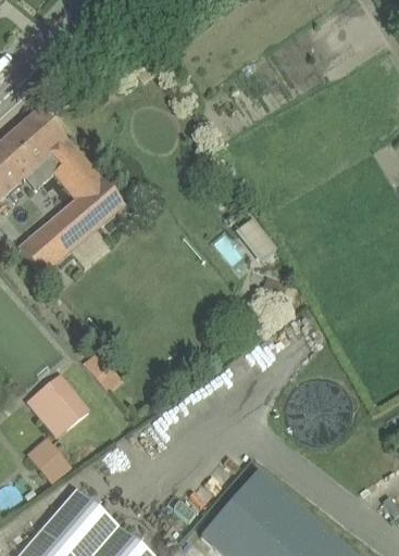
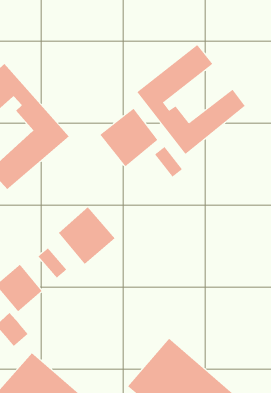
building: none -> [137,44,246,155]
building: none -> [100,108,158,167]
building: none -> [58,206,116,265]

